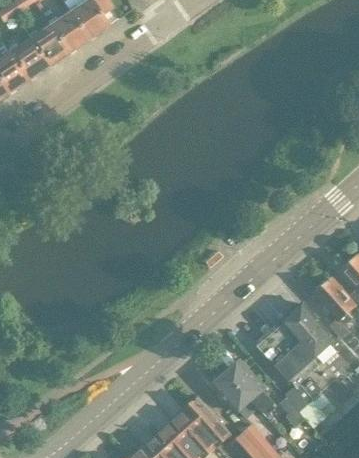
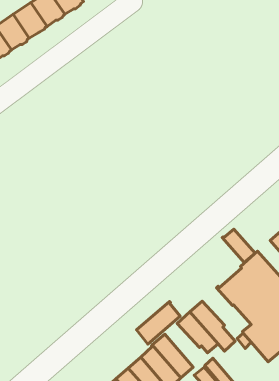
building: none -> [222,229,255,263]
building: none -> [137,301,180,344]

